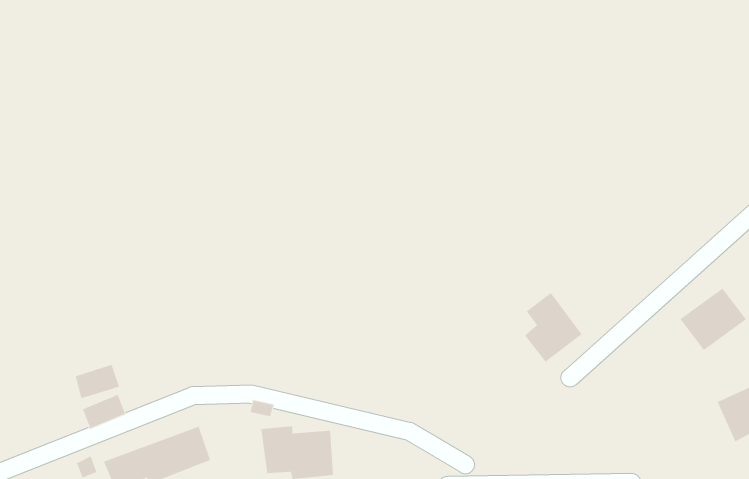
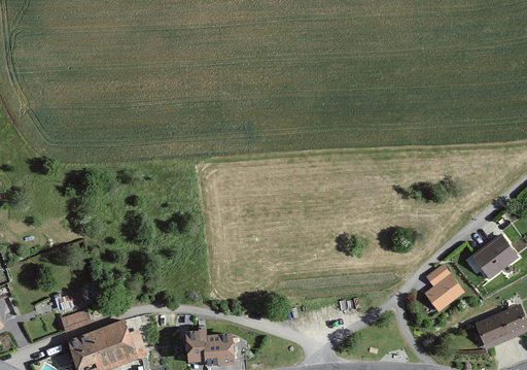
building: [524,292,583,363] -> [424,264,464,312]
building: none -> [473,313,510,349]
building: none -> [69,316,136,355]

